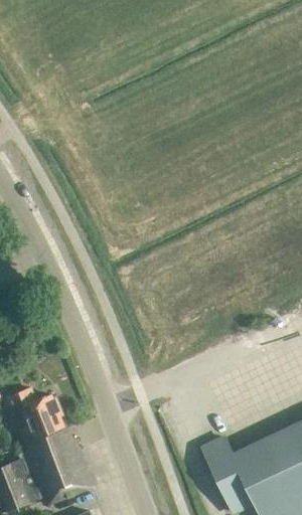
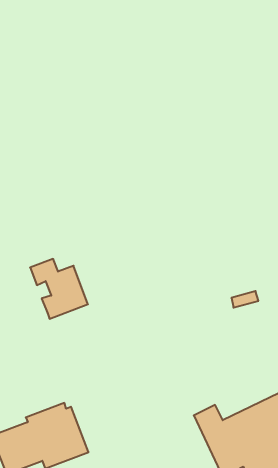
building: [7,388,67,451] -> [30,259,88,319]

